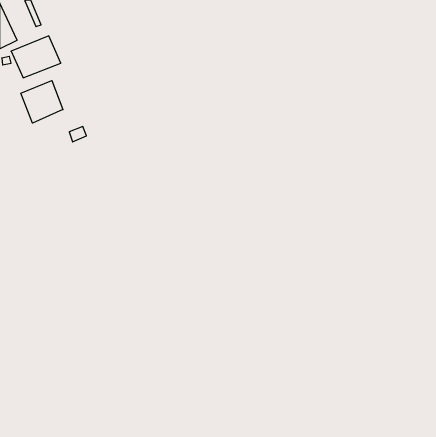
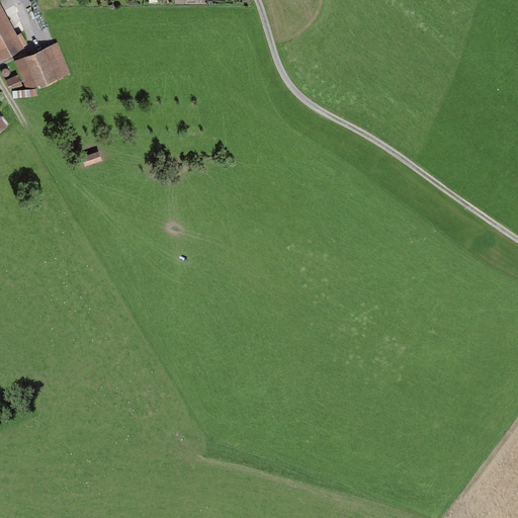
building: [21,81,63,123] -> none

